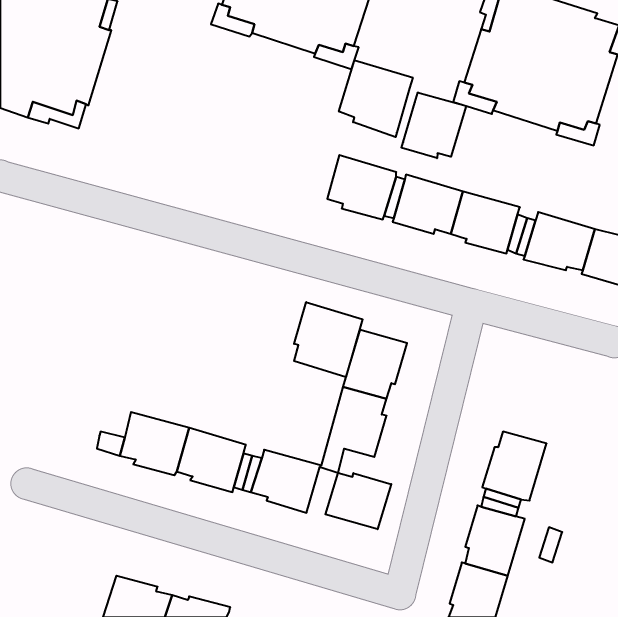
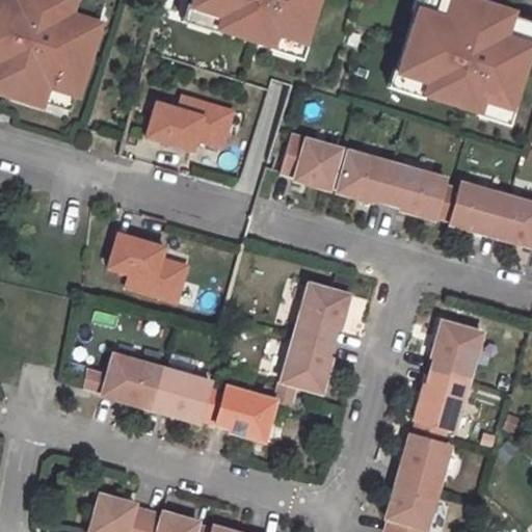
building: [339,60,413,137] -> none
building: [401,92,466,158] -> none
building: none -> [148,96,235,150]
building: none -> [108,233,189,302]
building: [294,302,363,377] -> none
building: none -> [432,320,483,380]
building: [325,473,391,529] -> none

